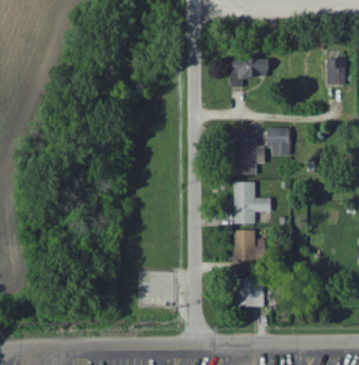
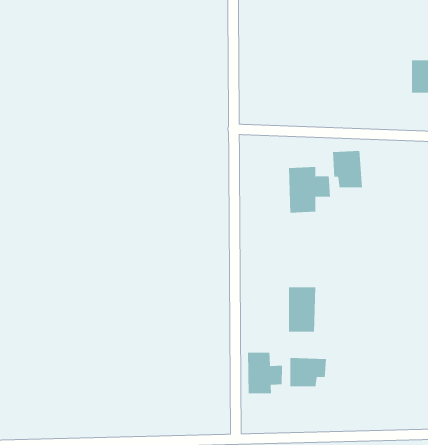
building: [229,58,267,87] -> none
building: [232,182,269,223] -> none
building: none -> [248,352,283,394]

